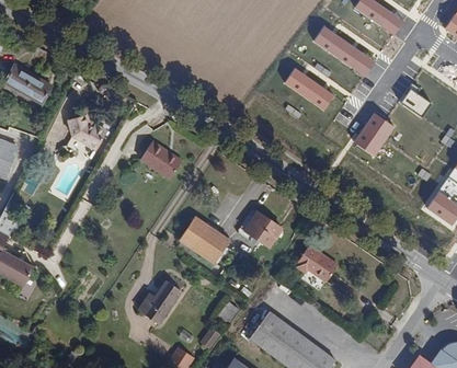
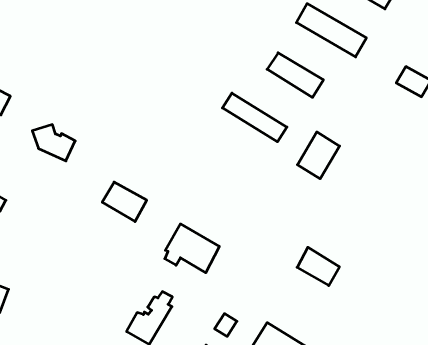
building: none -> [222,93,287,142]
building: [355,113,395,156] -> [297,132,340,179]
building: [140,143,181,181] -> [102,182,147,222]
building: [244,211,282,248] -> none

